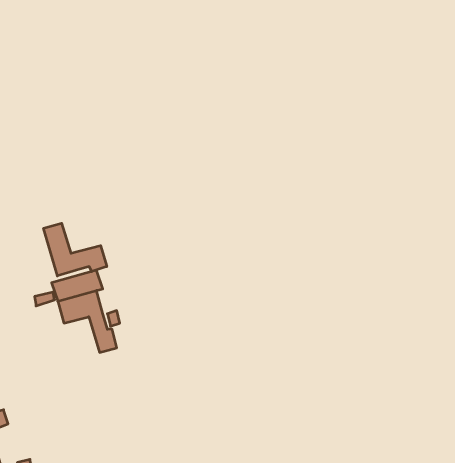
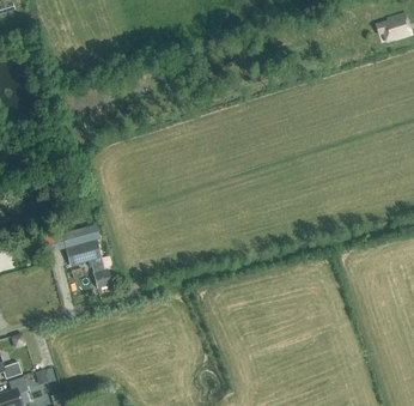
building: [44,223,107,276] -> none

